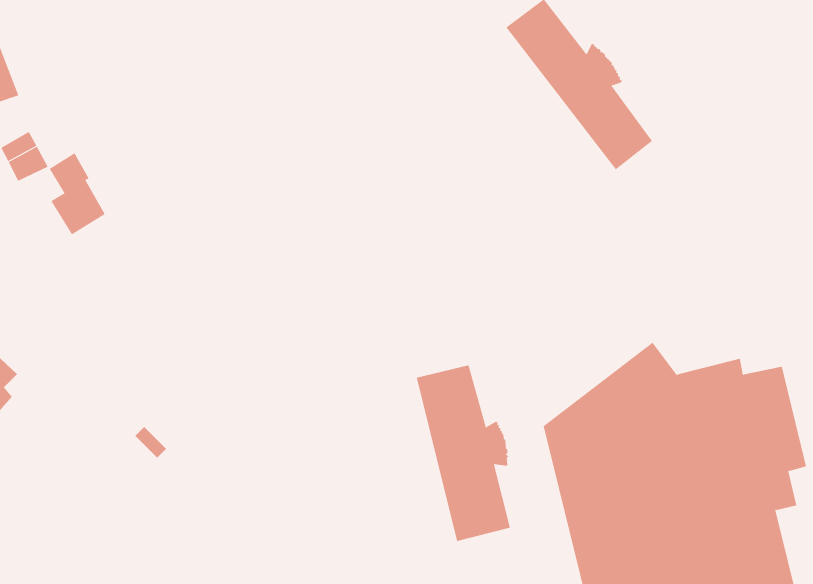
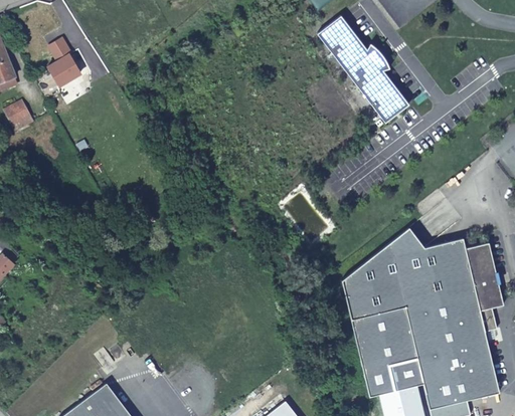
building: [49,153,106,235] -> [45,35,80,86]
building: [416,364,511,542] -> none

